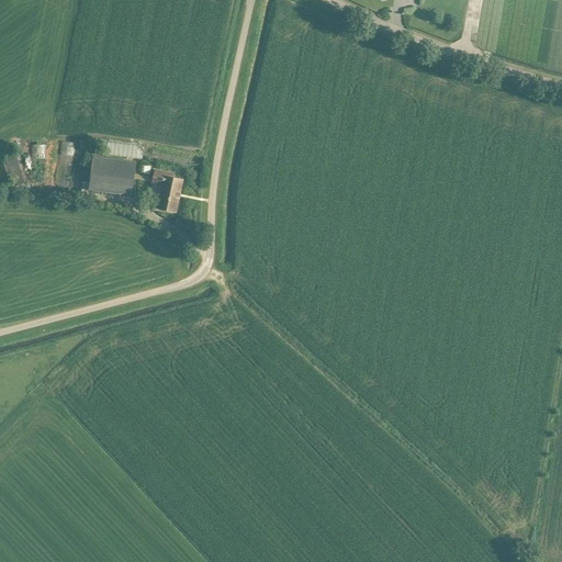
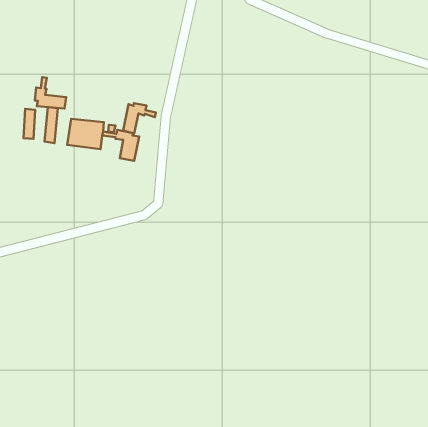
building: none -> [35,77,66,109]
building: none -> [123,103,156,133]

